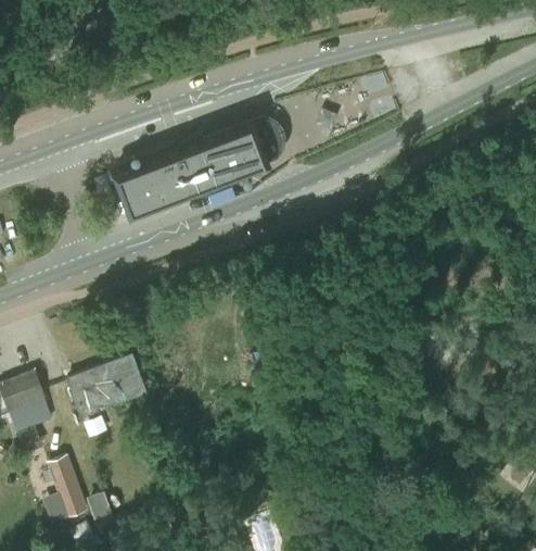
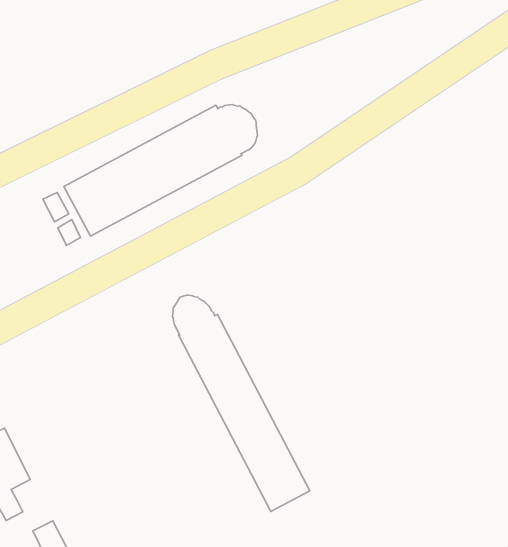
building: none -> [173,295,310,512]
building: [68,355,146,417] -> none

